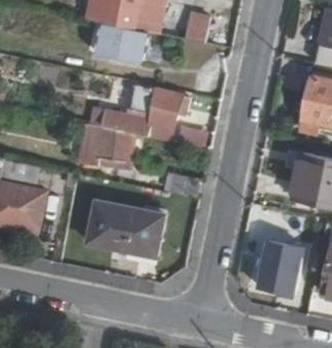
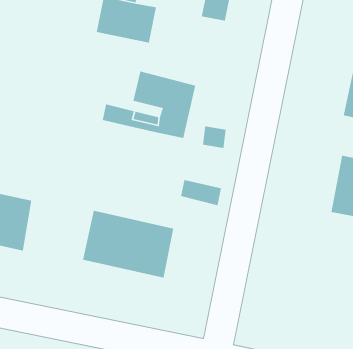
building: [87,125,131,159] -> none
building: [260,243,305,295] -> none

